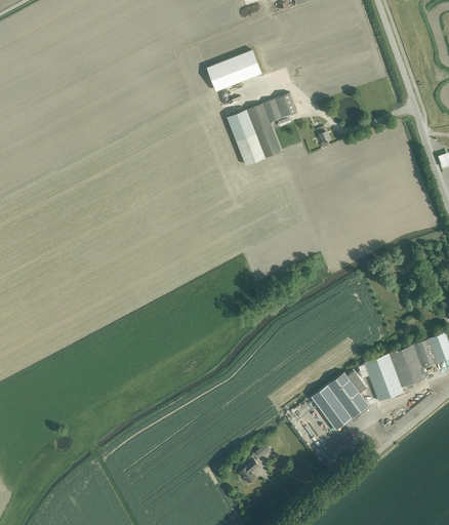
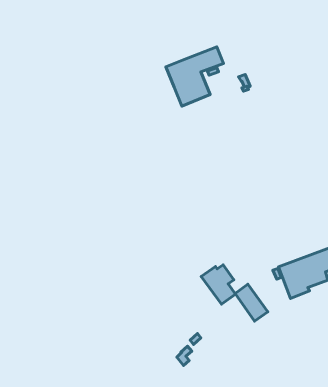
building: [208,50,260,91] -> none
building: [327,369,369,417] -> [201,265,236,304]

